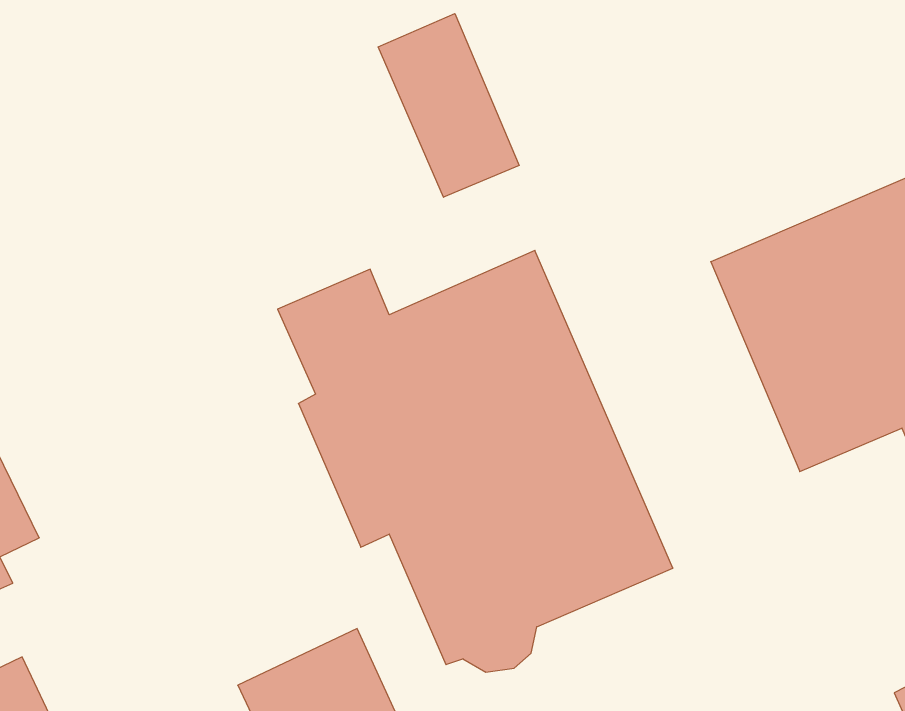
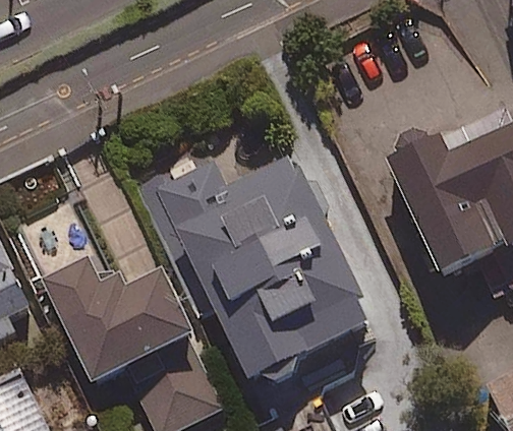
building: [378,14,519,197] -> none
building: none -> [22,204,192,383]

